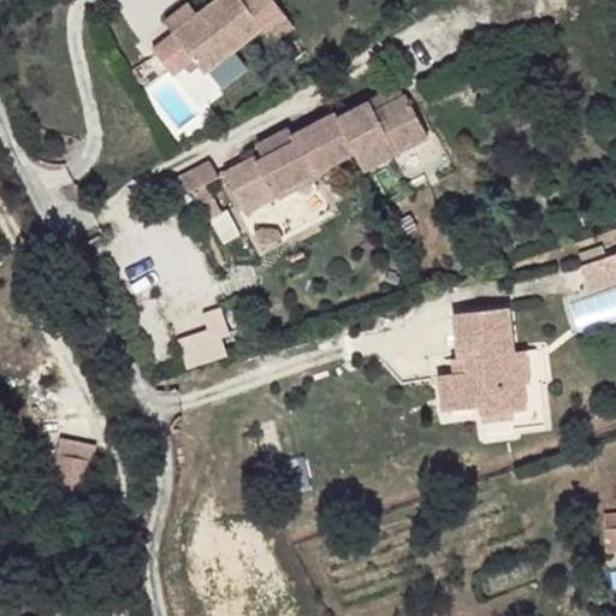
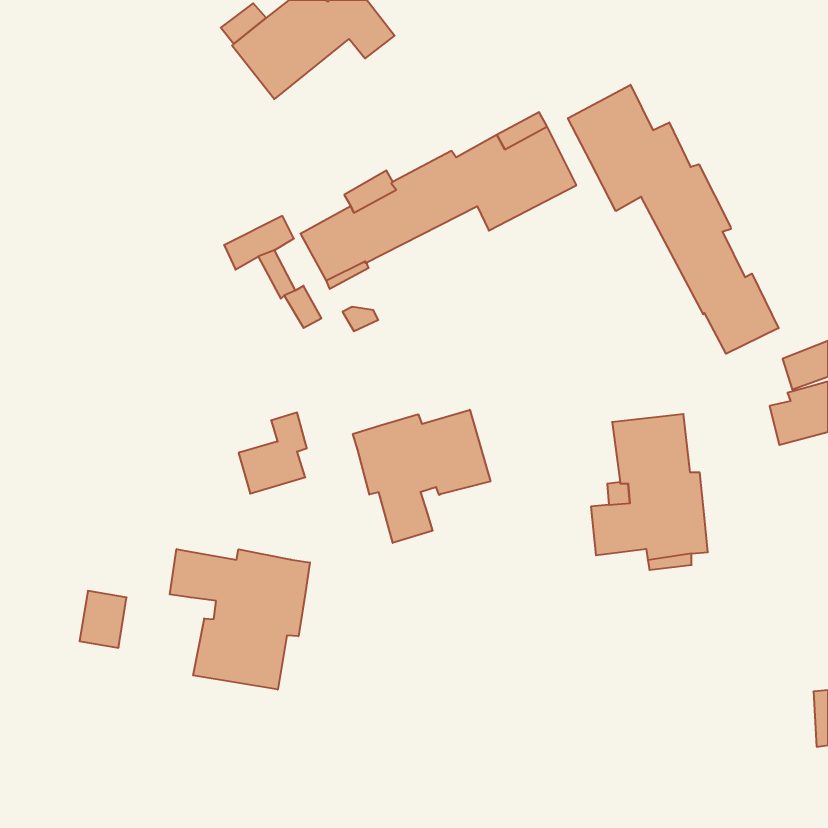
building: none -> [568,85,779,354]
building: none -> [353,410,490,543]
building: none -> [170,549,310,690]

